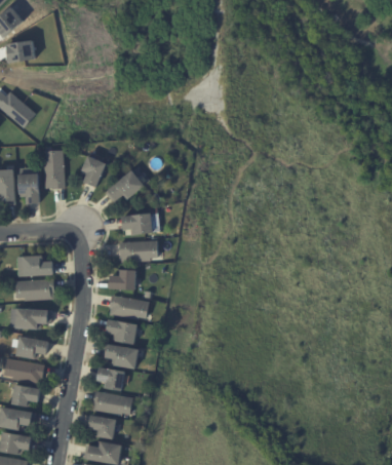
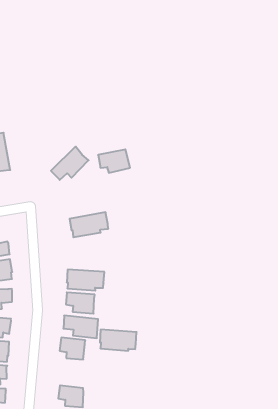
building: [81,154,107,186] -> none
building: [122,211,154,234] -> [98,149,130,173]
building: [110,268,136,288] -> none
building: [93,390,132,415] -> [100,330,137,351]

